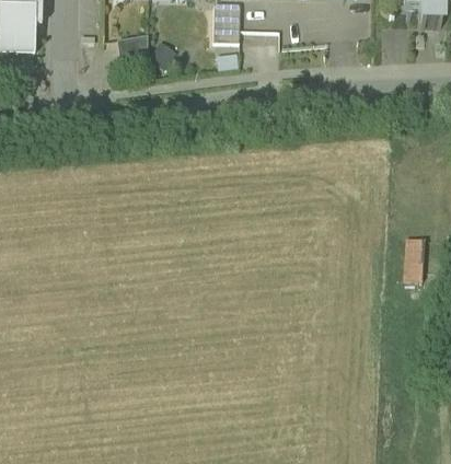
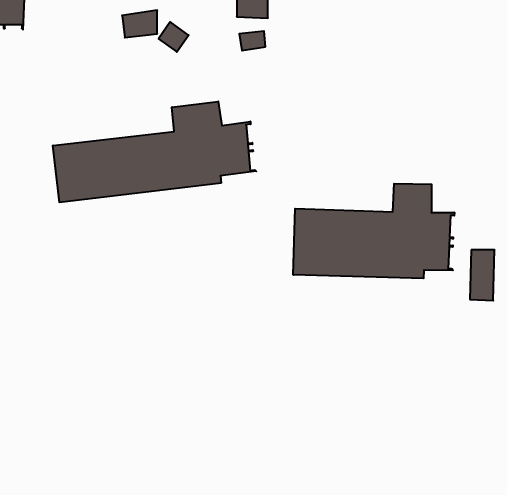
building: none -> [53,101,256,202]
building: none -> [293,184,454,278]

